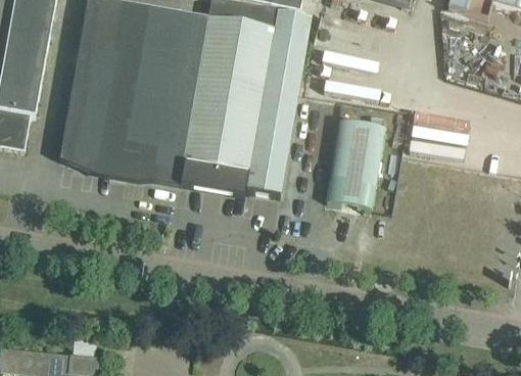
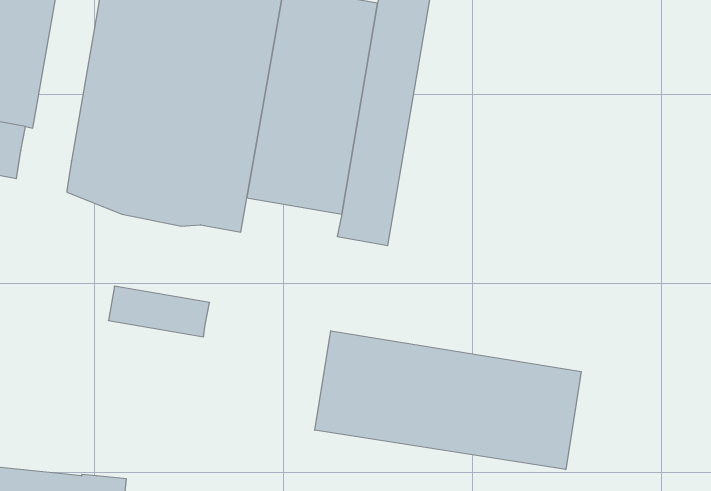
building: [327,118,385,207] -> none
building: [179,161,248,196] -> [108,286,210,337]
building: none -> [315,331,581,470]

